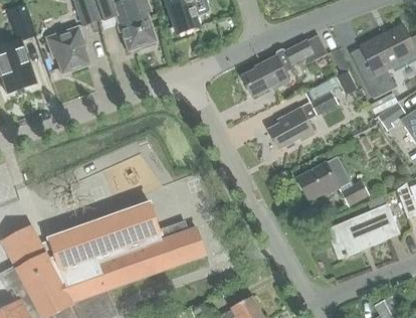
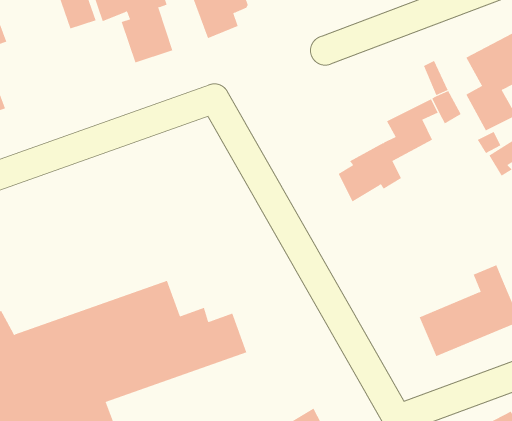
building: [45,24,87,71] -> none
building: [240,34,327,96] -> none
building: [298,157,370,205] -> none

